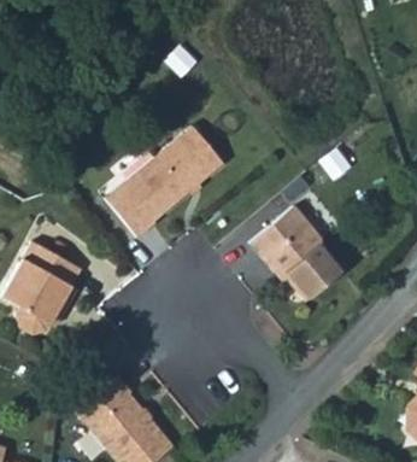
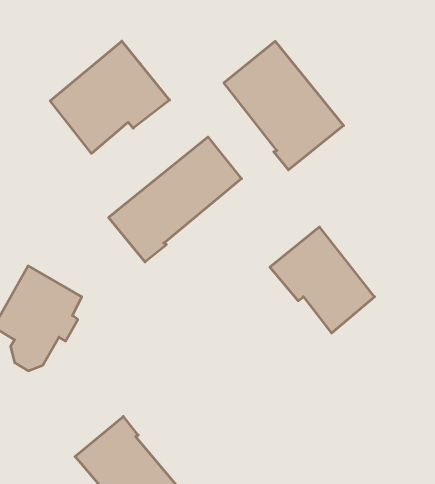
building: none -> [50,41,170,153]
building: none -> [224,41,344,170]

